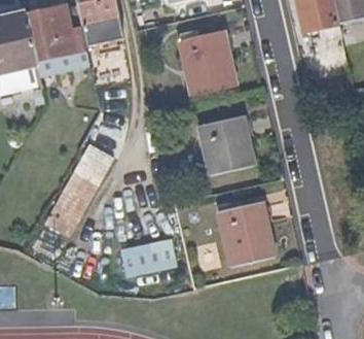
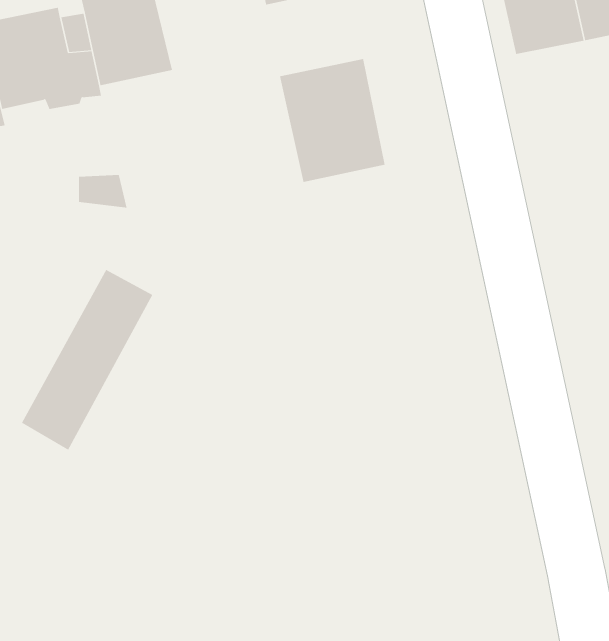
building: [199,116,253,174] -> none
building: [219,200,274,265] -> none
building: [120,237,178,275] -> none

